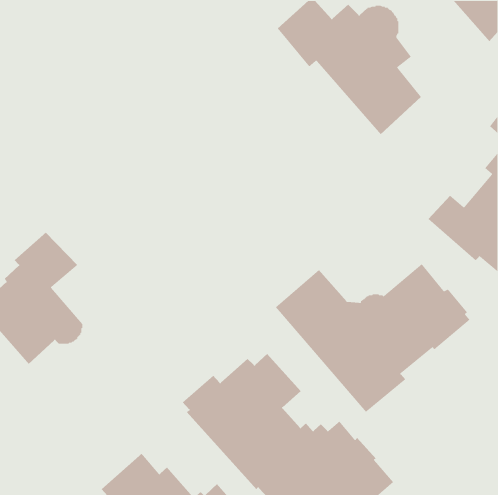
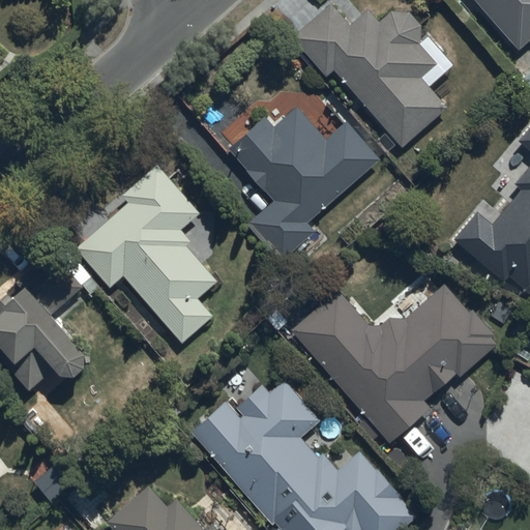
building: none -> [229,106,380,262]
building: none -> [76,166,217,344]

